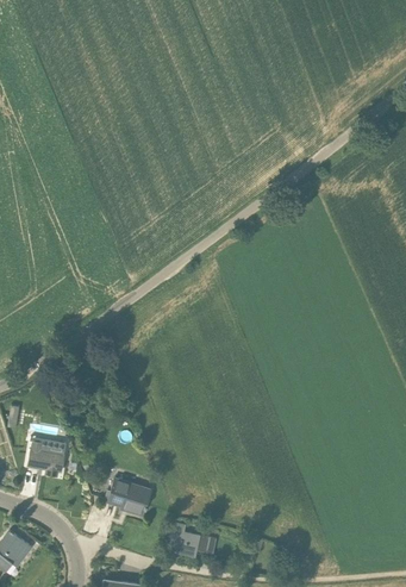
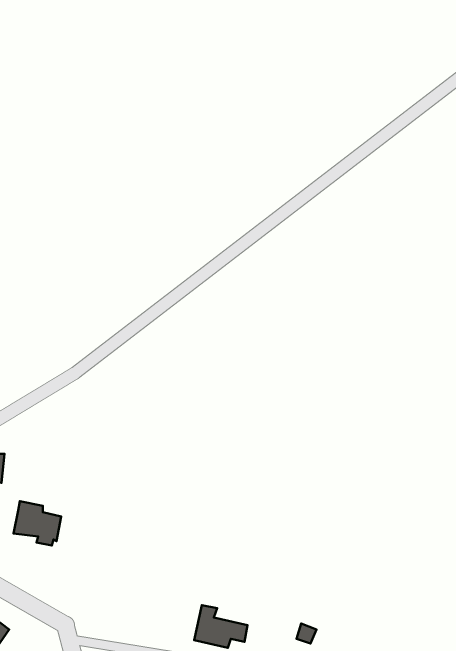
building: [108,477,151,514] -> none

